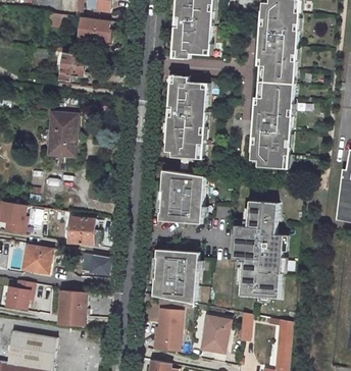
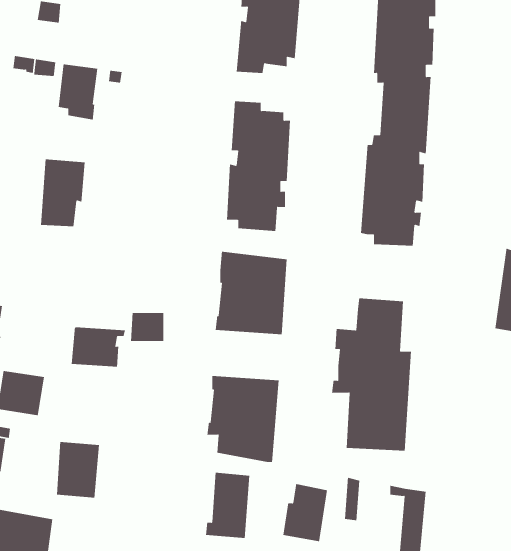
building: [78,17,114,44] -> none
building: [85,255,106,273] -> [130,312,164,342]

